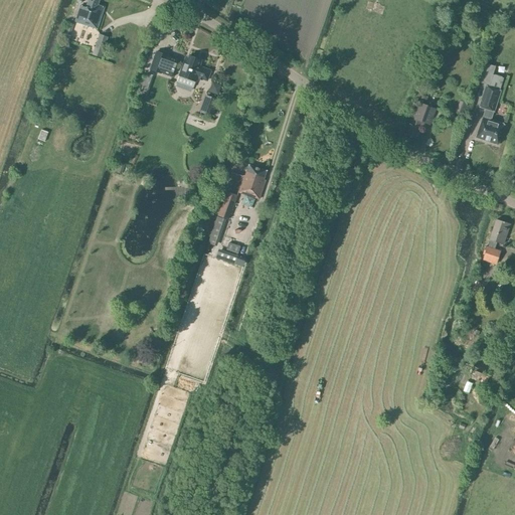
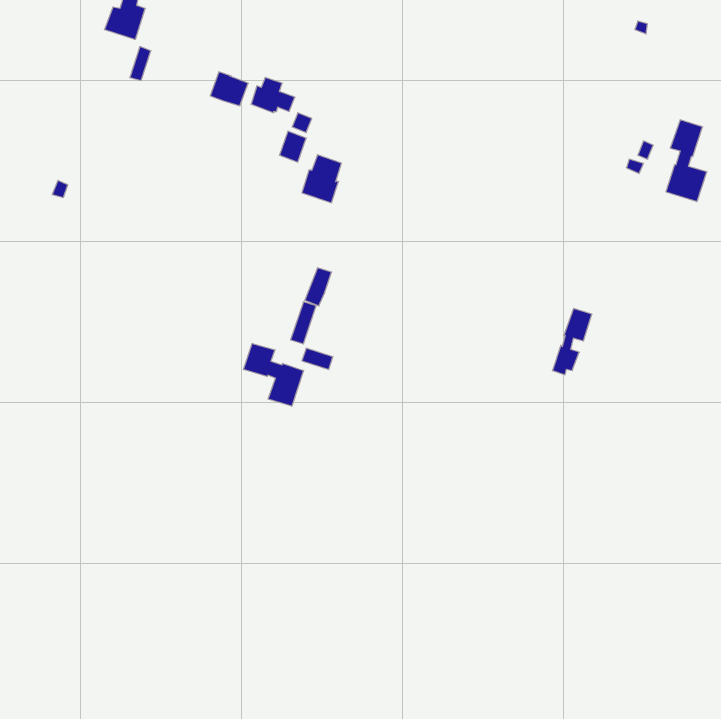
building: [406,102,436,137] -> none
building: [237,164,266,198] -> [302,155,341,203]
building: [481,219,509,267] -> [552,309,592,375]
building: none -> [244,343,304,406]

